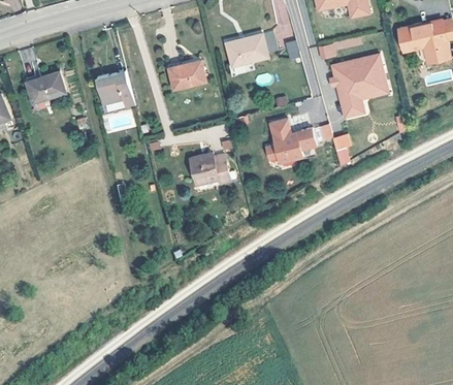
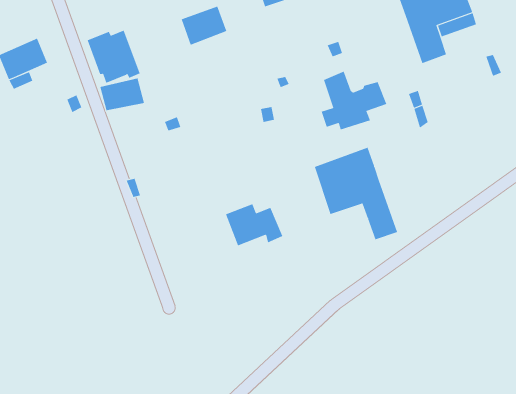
building: [188,153,230,184] -> [225,203,283,246]
building: none -> [314,147,398,240]

